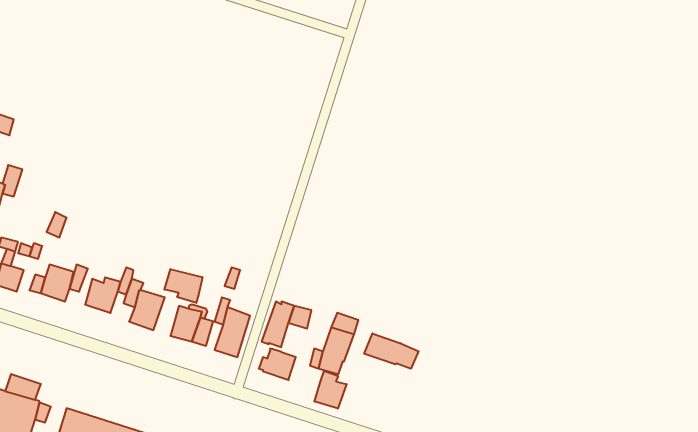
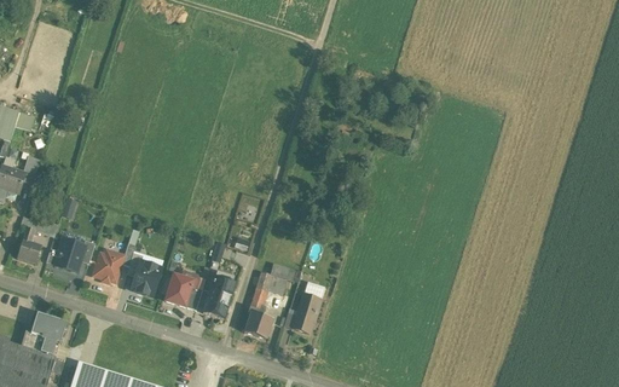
building: [164,269,202,303] -> none
building: [364,333,419,369] -> none
building: none -> [30,312,66,342]
building: [314,371,347,409] -> none

